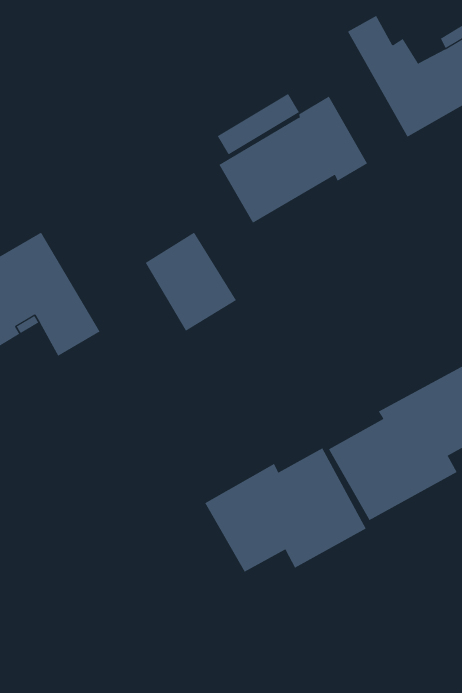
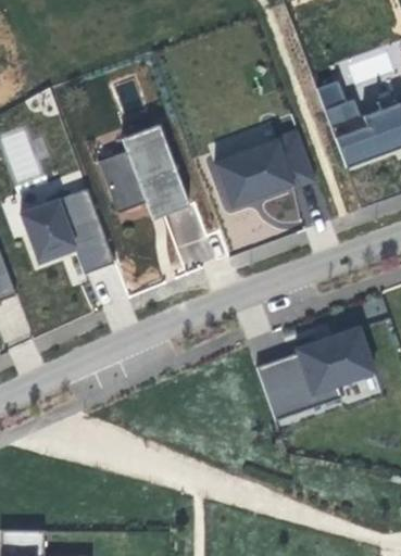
building: none -> [99,125,189,214]
building: [205,447,366,572] -> none

